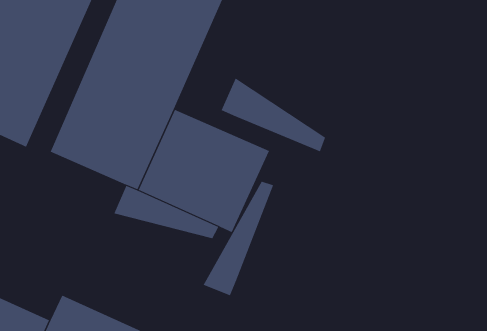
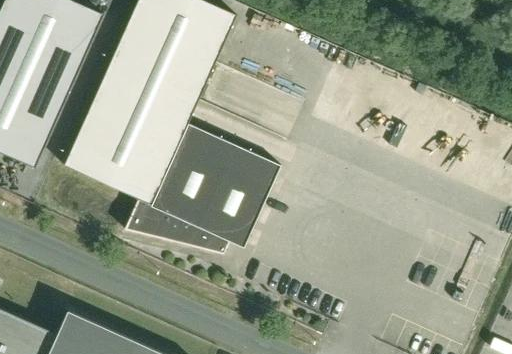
building: [221,77,326,152] -> none
building: [203,181,274,296] -> none

